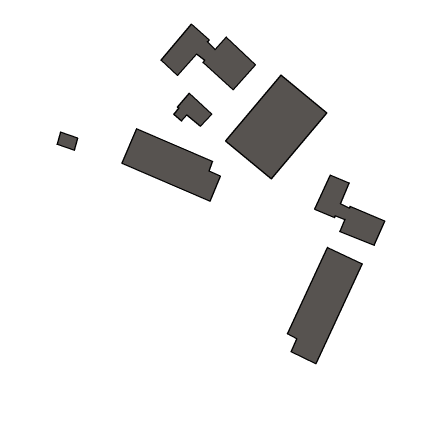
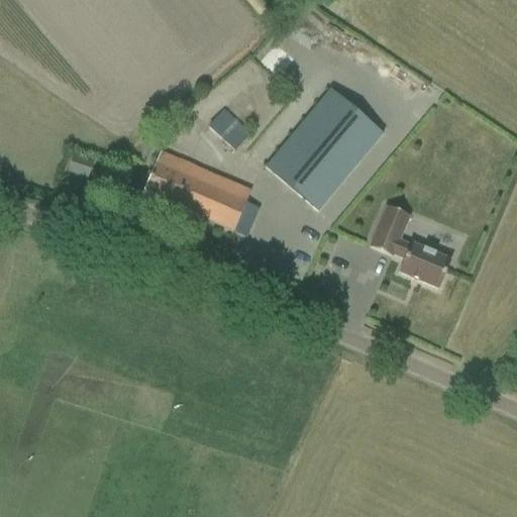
building: [161,24,255,90] -> none
building: [288,247,362,364] -> none

